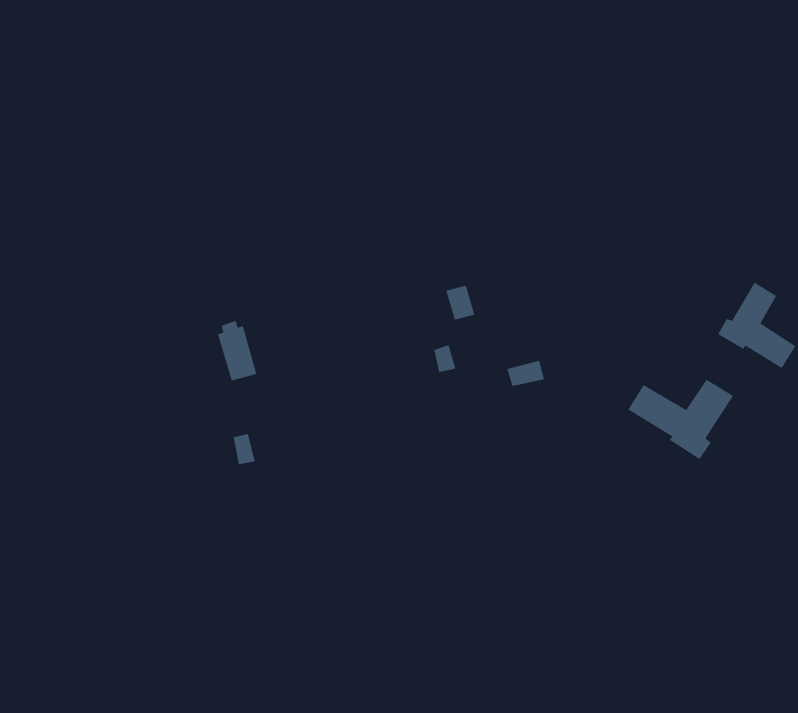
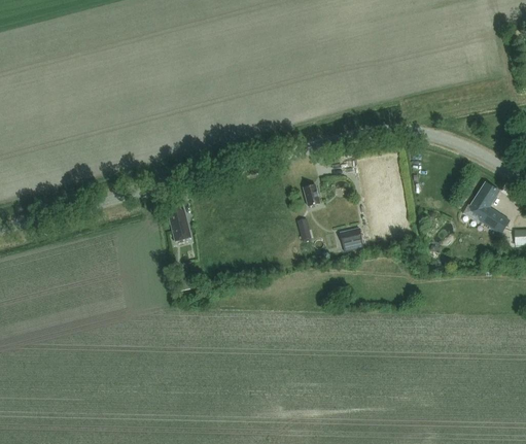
building: [628,379,734,460] -> none

